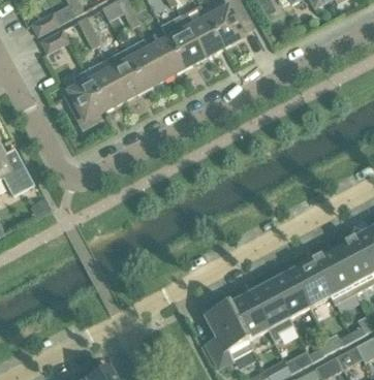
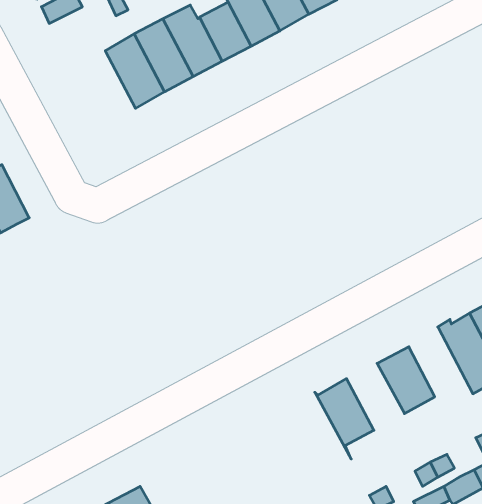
building: [69,70,105,128] -> none
building: [291,258,335,306] -> none
building: [249,283,291,340] -> none
building: [205,303,252,367] -> none

